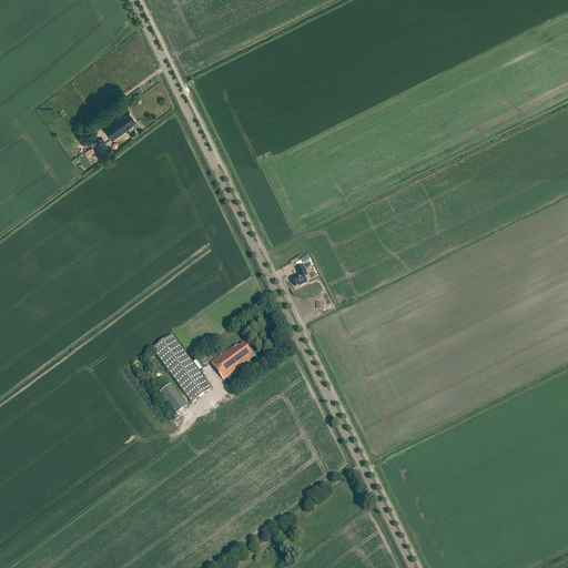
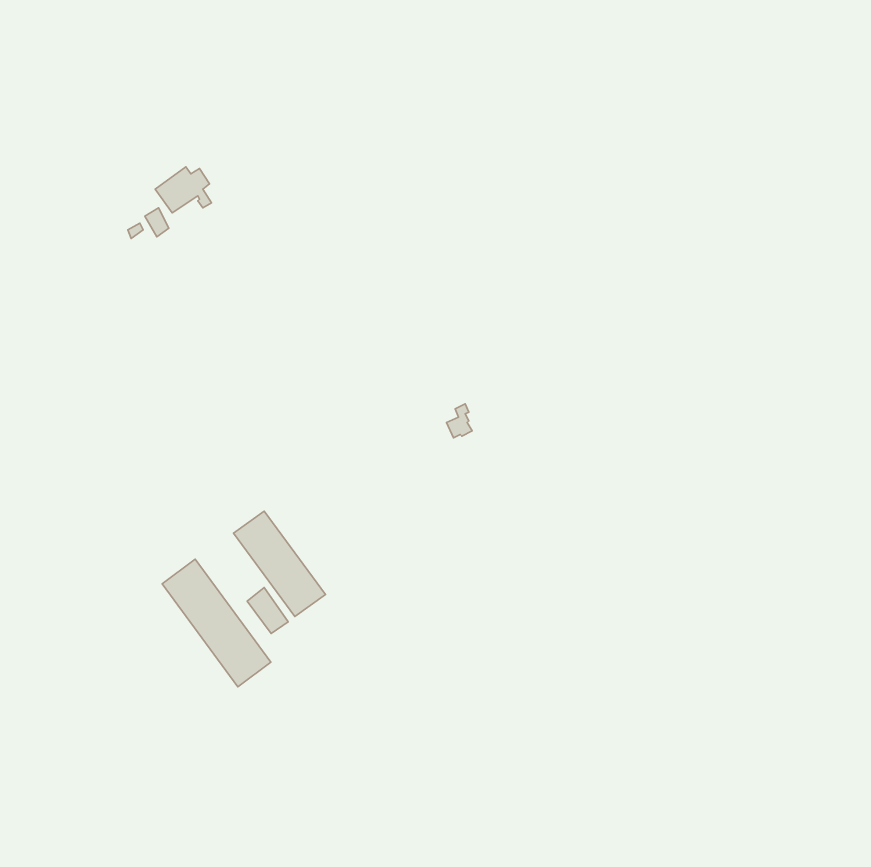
building: [210,341,254,378] -> none
building: none -> [162,559,271,687]

